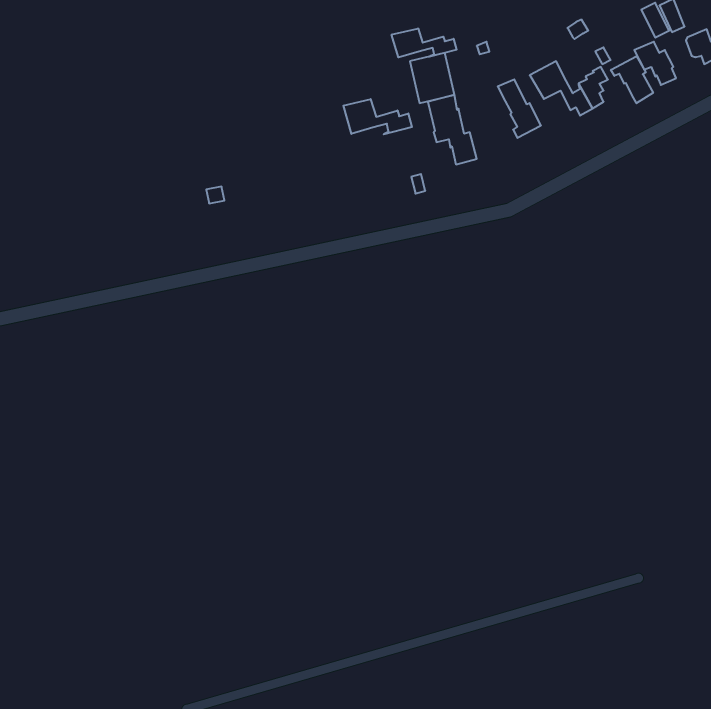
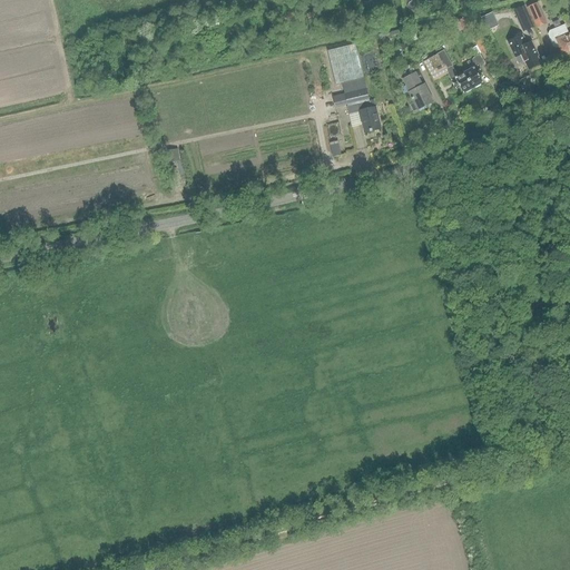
building: [392,28,457,57] -> none
building: [611,56,653,103] -> none
building: [343,99,412,134] -> none

